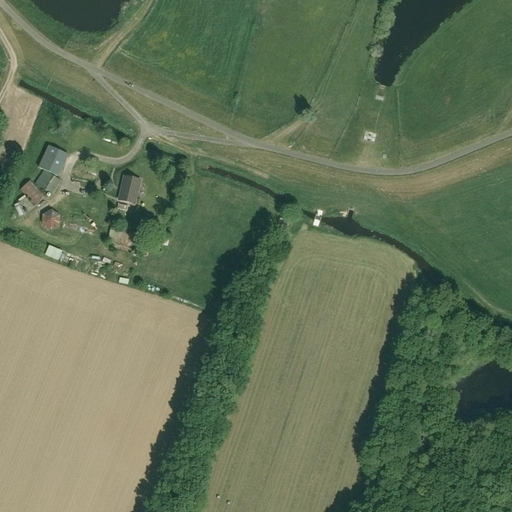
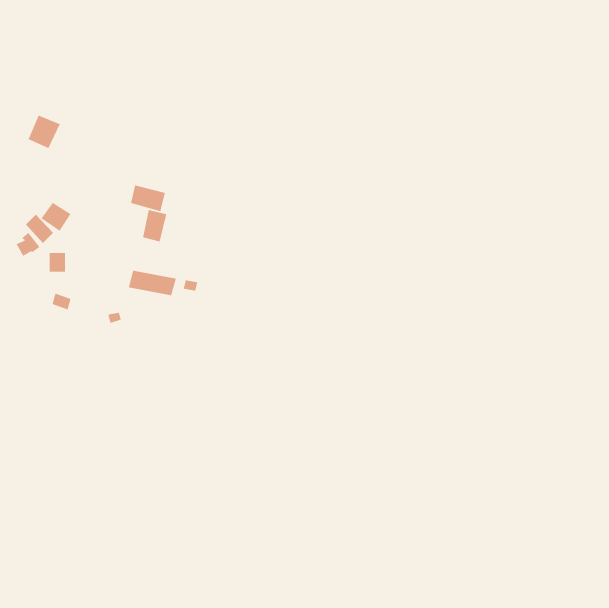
building: [40,145,68,174] -> [27,114,61,149]
building: none -> [130,185,166,212]

